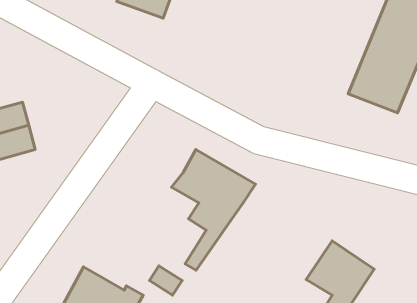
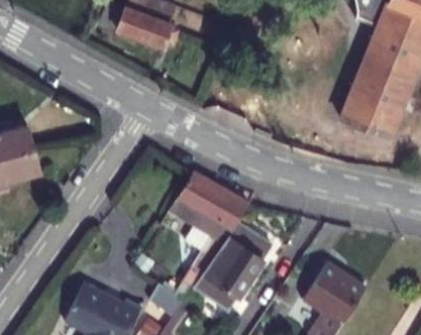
building: none -> [194,224,272,311]

